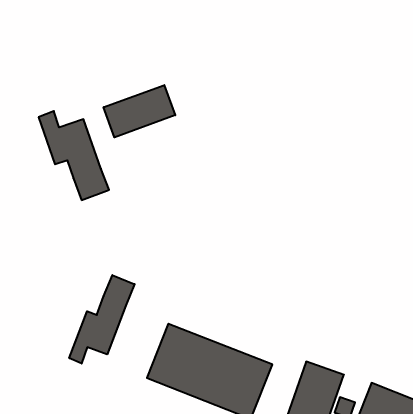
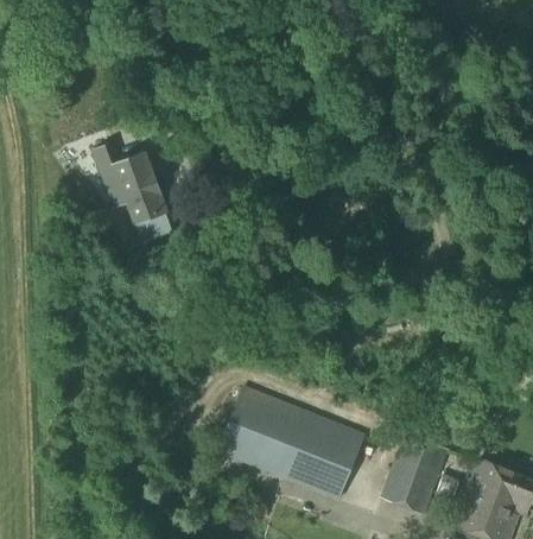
building: [104,85,175,137] -> none
building: [69,275,135,364] -> none

